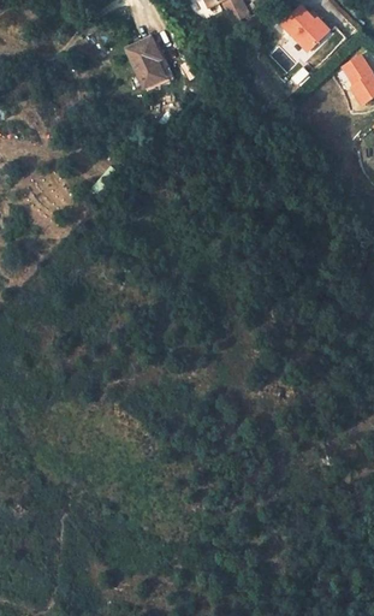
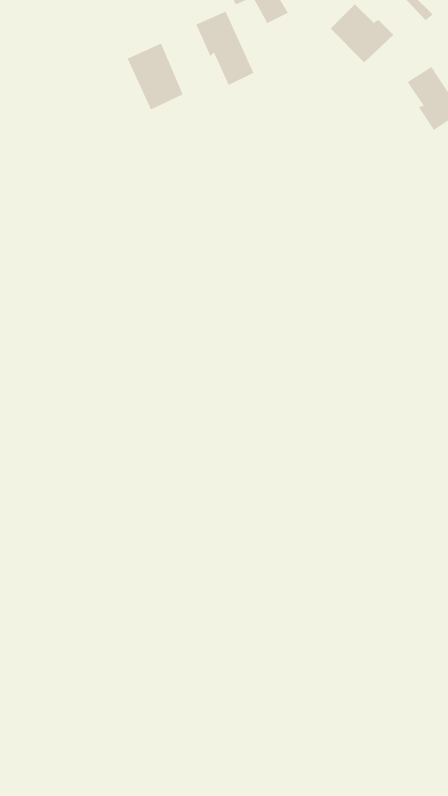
building: none -> [196,11,254,86]

